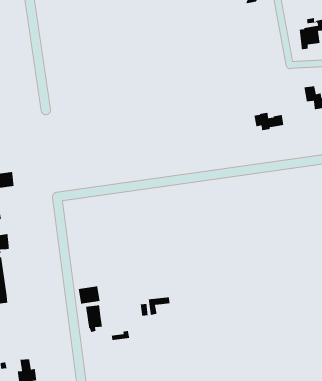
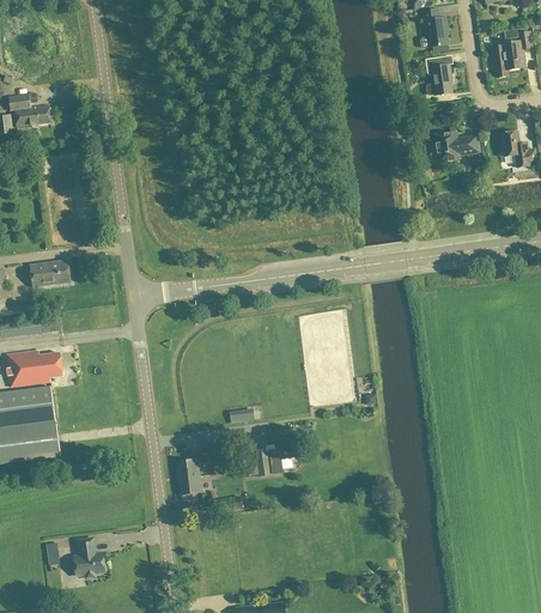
building: none -> [420,8,448,48]
building: none -> [426,56,452,95]
building: [254,112,284,131] -> [434,132,480,160]
building: [78,286,100,304] -> none

